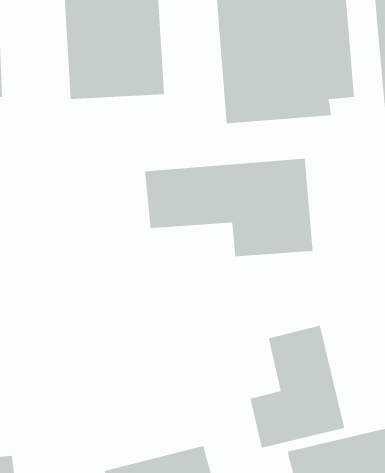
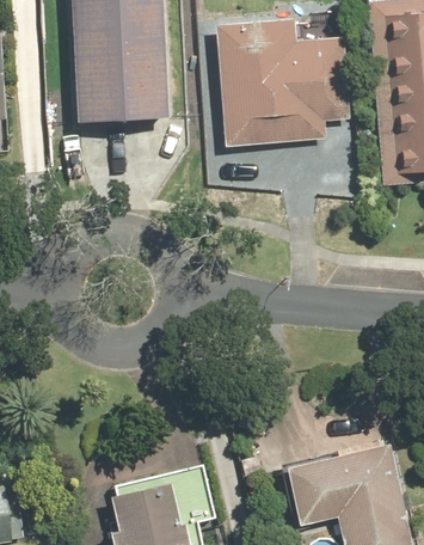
building: [145,158,313,257] -> none
building: [250,325,345,449] -> none

